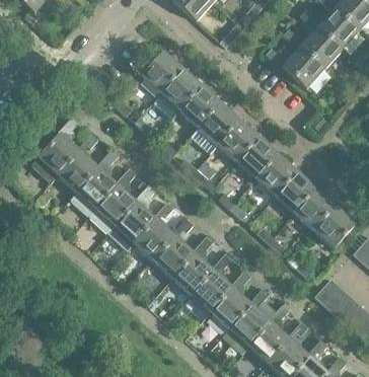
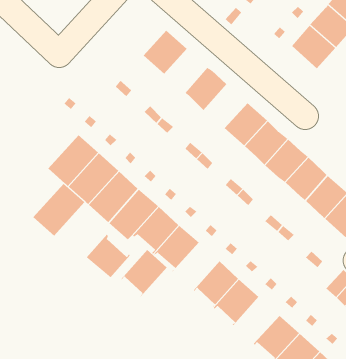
building: [162,69,203,110] -> none
building: [192,102,241,152] -> none
building: [31,132,81,182] -> [33,183,85,236]
building: none -> [86,234,131,278]
building: [170,252,215,298] -> [120,249,167,297]
building: [228,304,272,349] -> none

